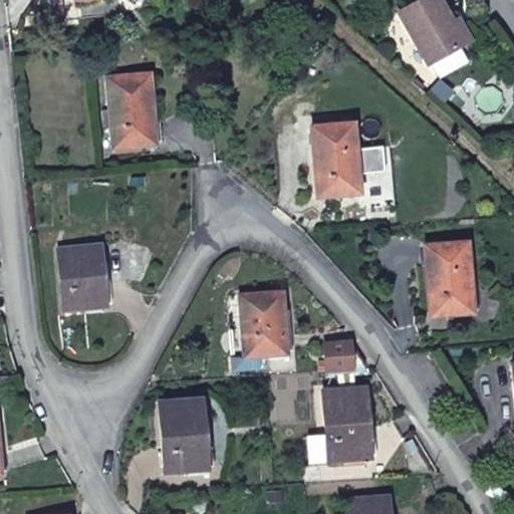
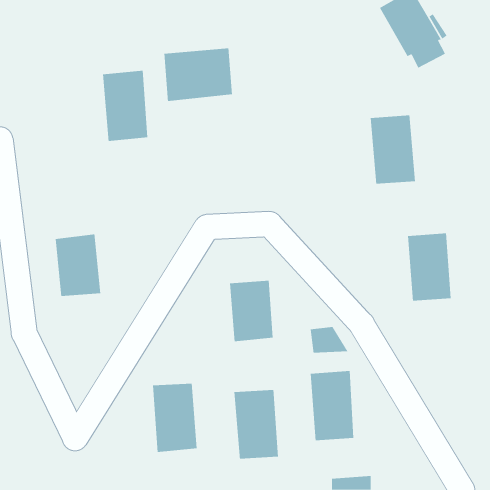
building: none -> [164,48,232,102]
building: [313,123,361,196] -> [370,115,416,184]
building: none -> [234,389,279,460]

